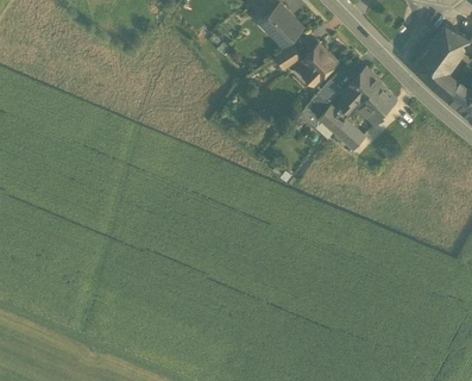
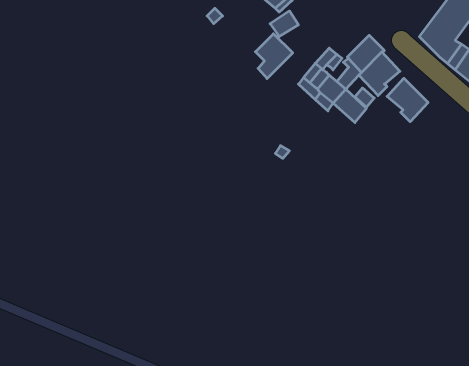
building: [303,45,338,87] -> [255,34,293,79]
building: none -> [387,78,428,122]

